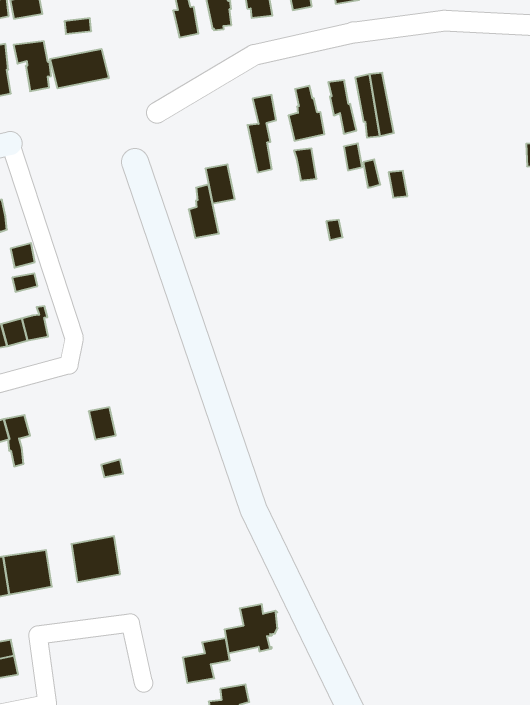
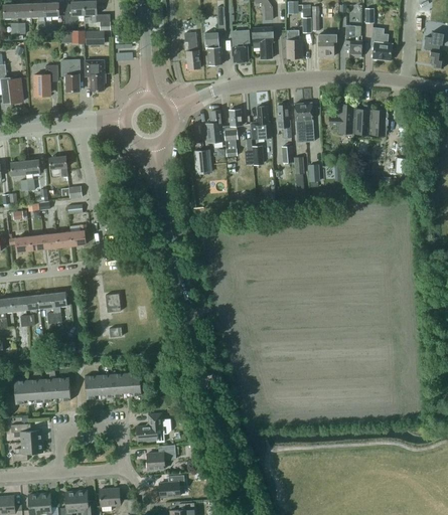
building: [50,49,109,88] -> none
building: none -> [329,105,387,135]
building: [189,185,219,238] -> [205,111,222,143]
building: none -> [112,372,141,397]
building: [224,604,278,653] -> [136,413,170,443]

